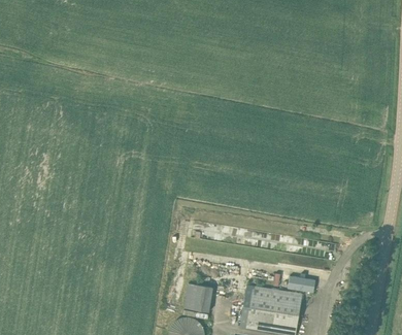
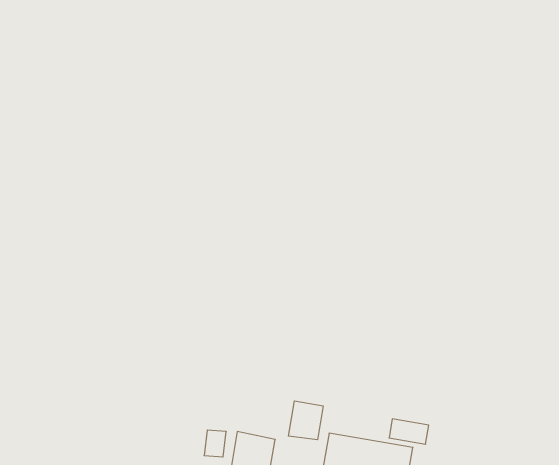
building: none -> [288,401,323,440]

